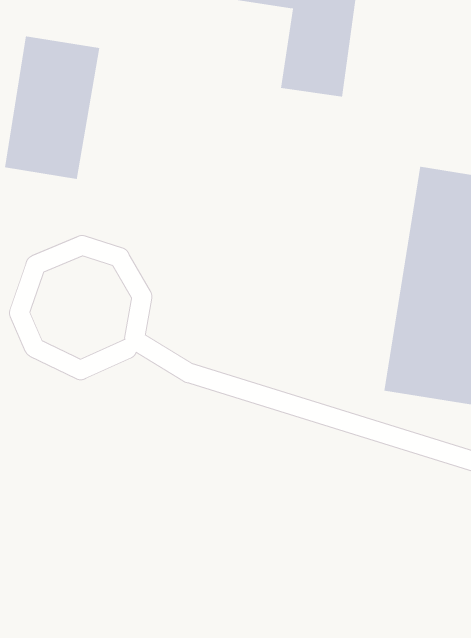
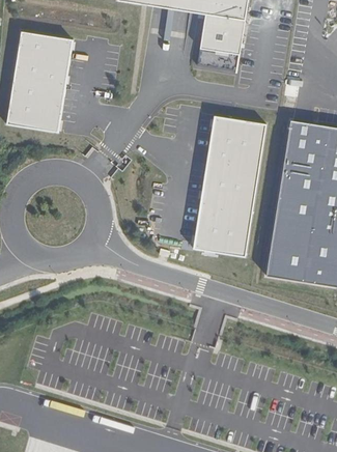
building: none -> [192,114,266,255]

